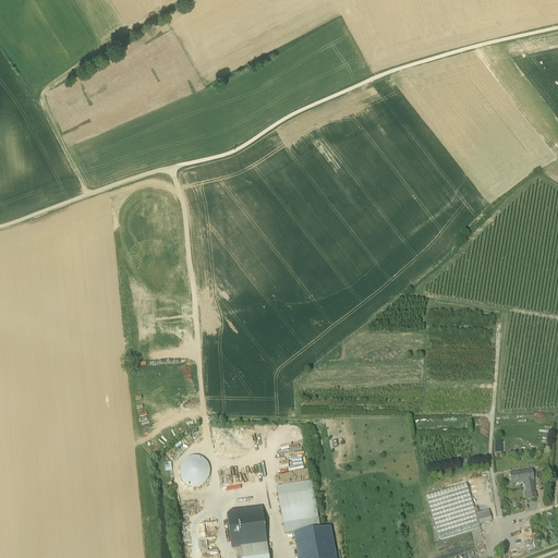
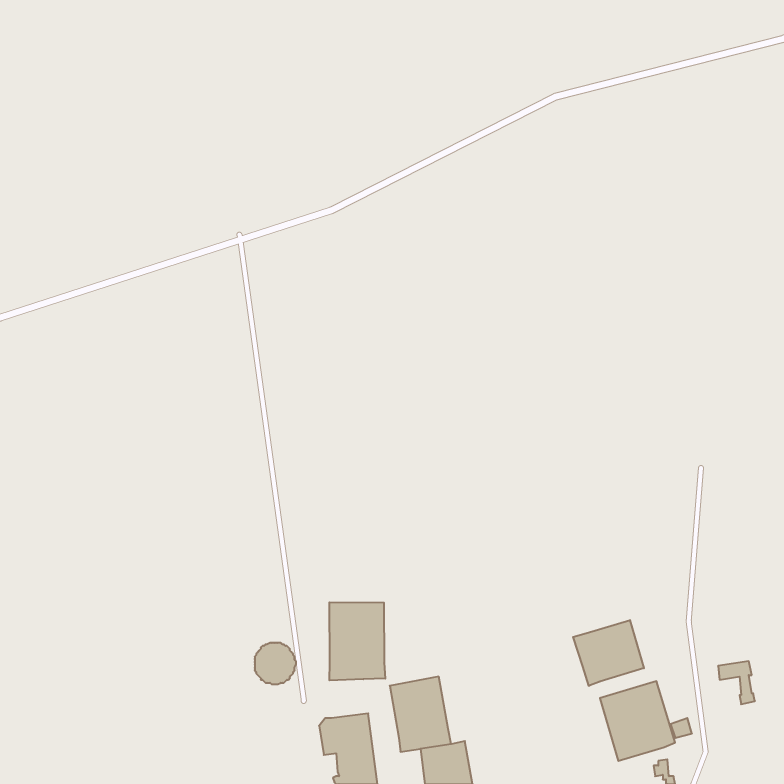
building: none -> [329,602,385,680]
building: none -> [573,620,644,686]

